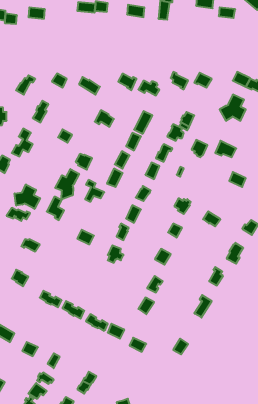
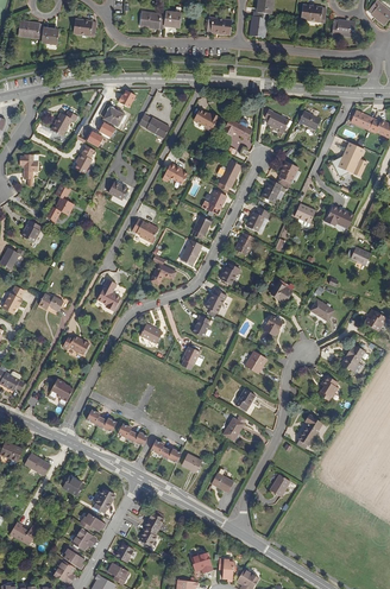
building: [55,169,79,199] -> none
building: [15,184,40,209] -> none

